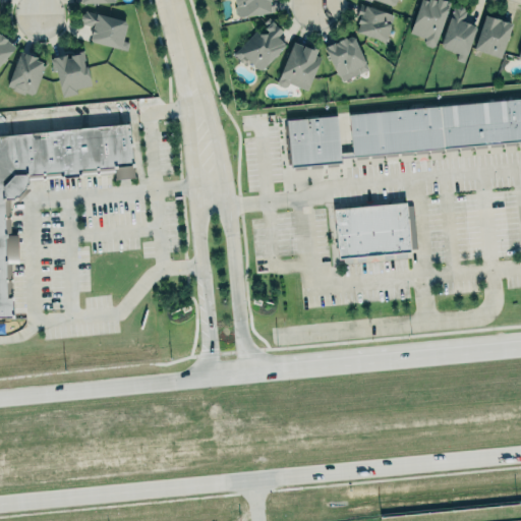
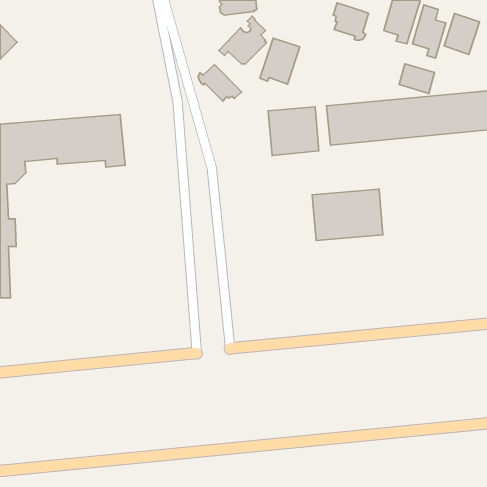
building: [81,11,129,51] -> none
building: [326,37,368,81] -> none
building: [8,51,45,95] -> none
building: [51,52,92,97] -> none
building: none -> [399,64,435,93]
building: none -> [198,65,241,101]

